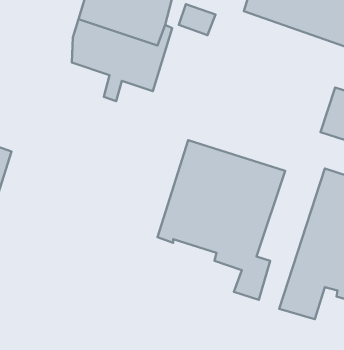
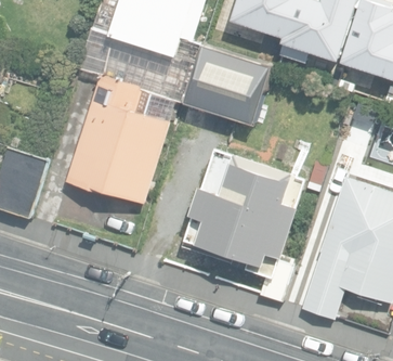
building: none -> [183,44,294,131]
building: none -> [66,76,169,204]

